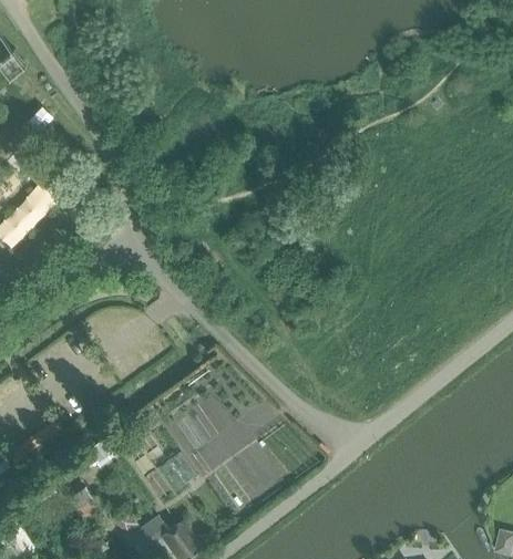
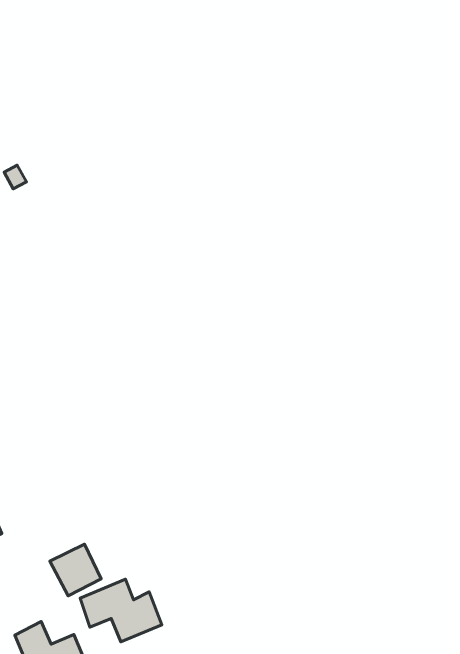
building: none -> [80,579,162,642]

